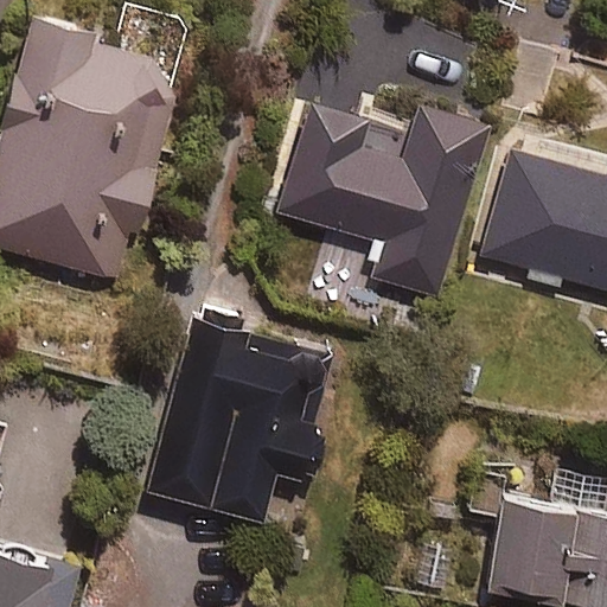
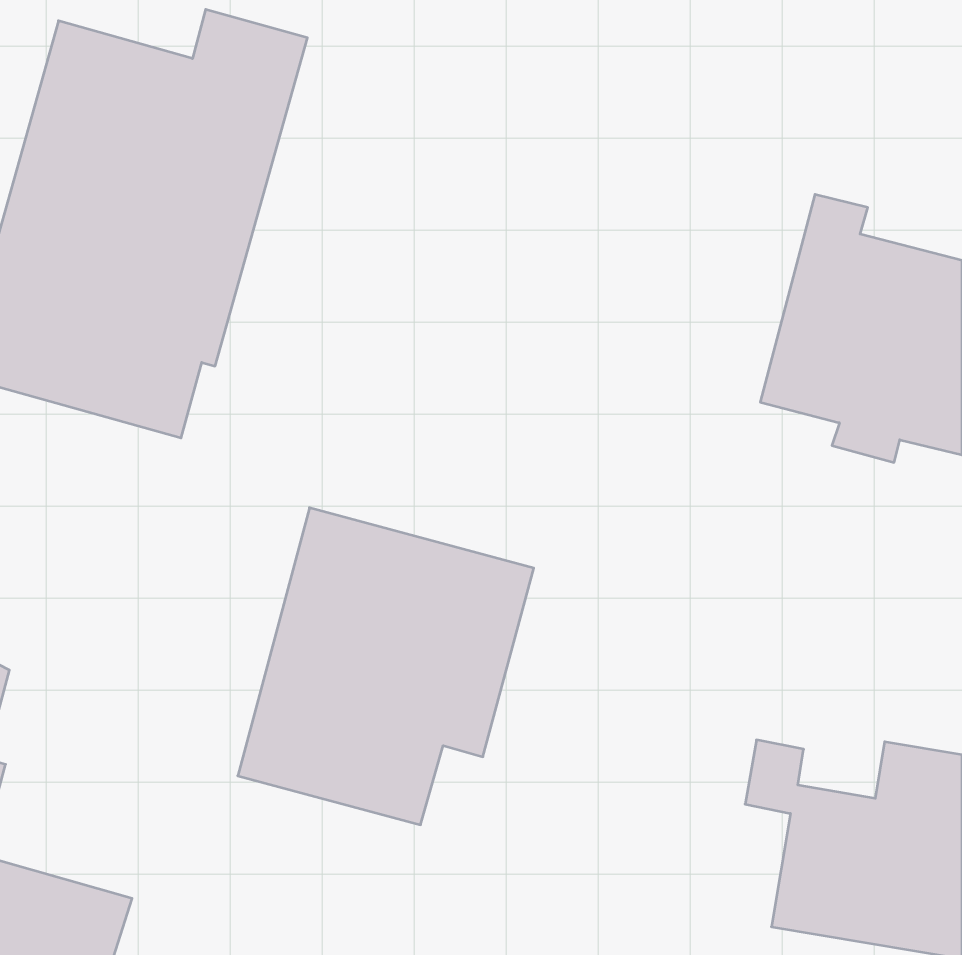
building: [281,100,490,295] -> none

